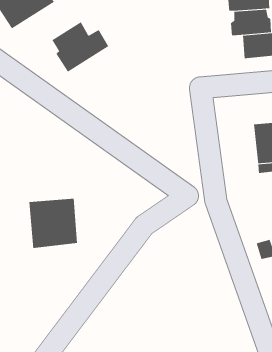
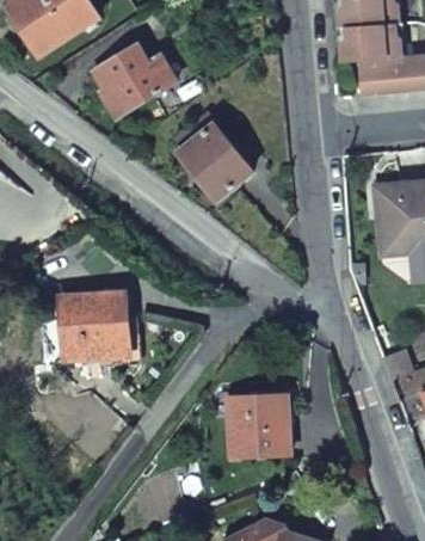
building: none -> [178,122,252,197]
building: none -> [211,400,272,463]

